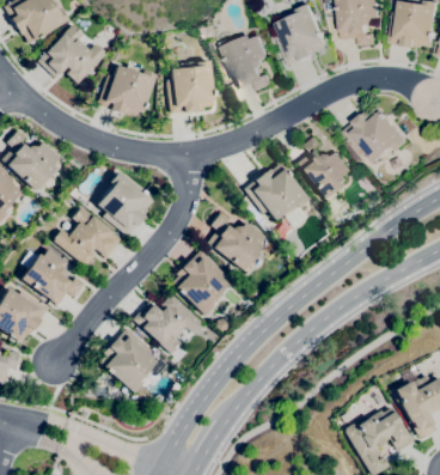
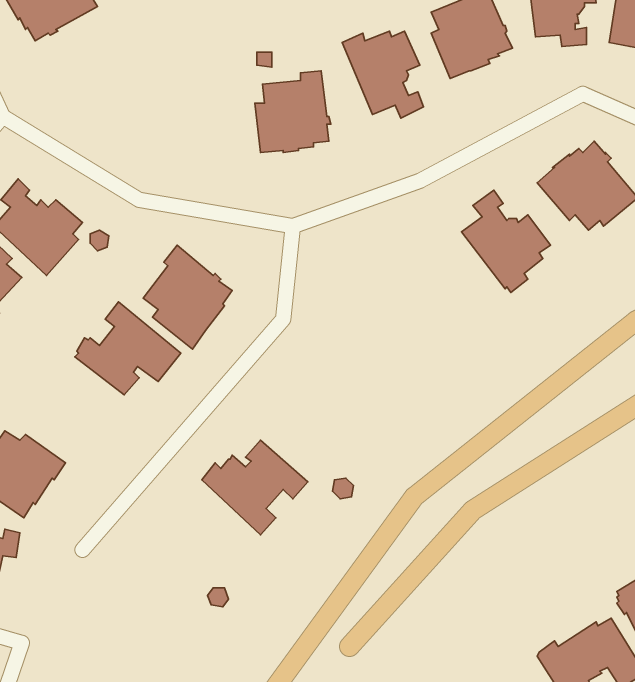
building: [38,24,105,84] -> none
building: [98,66,155,117] -> none
building: [244,163,308,227] -> none
building: [207,212,264,273] -> none
building: [22,248,84,305] -> none
building: [172,250,231,315] -> none
building: [99,328,167,392] -> none

